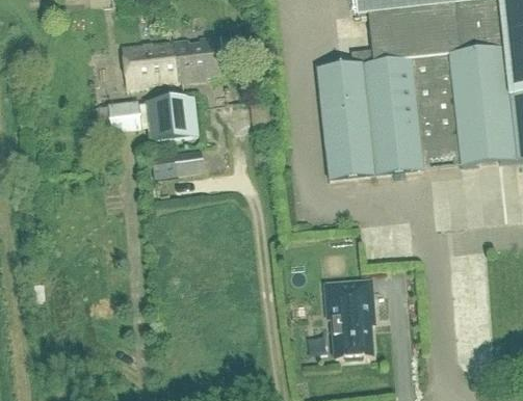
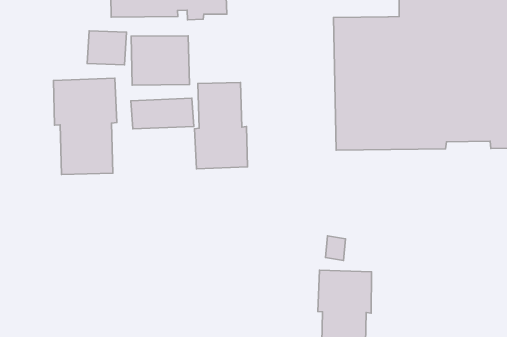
building: none -> [194,82,247,169]
building: none -> [54,78,117,175]

